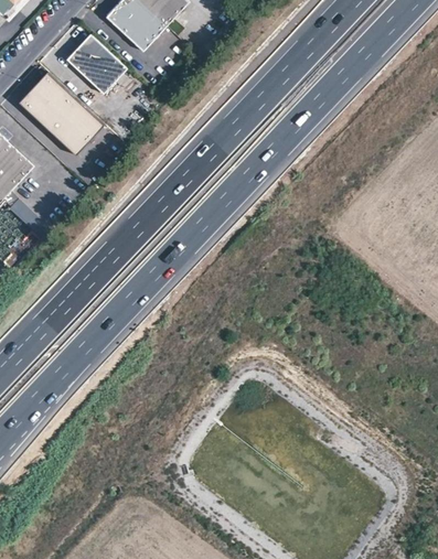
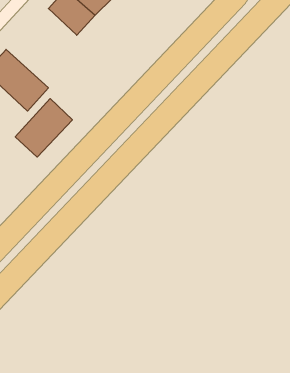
building: [68,34,128,92] -> none
building: none -> [15,99,72,157]

